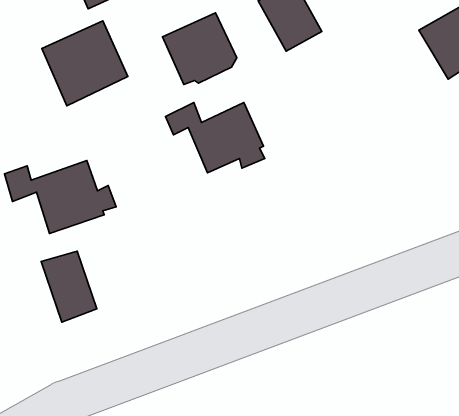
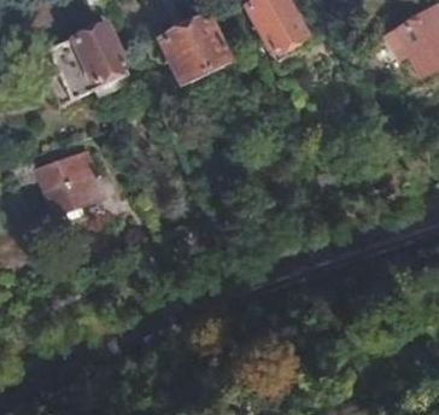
building: [165,103,265,173] -> none
building: [41,251,97,322] -> none

